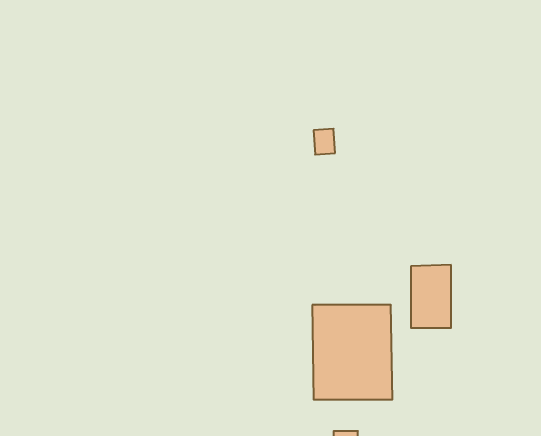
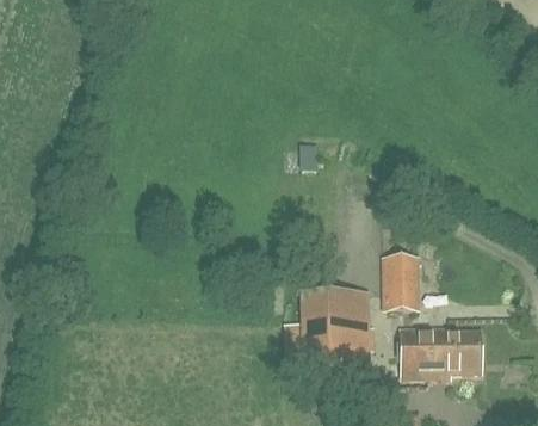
building: none -> [402,327,482,378]

